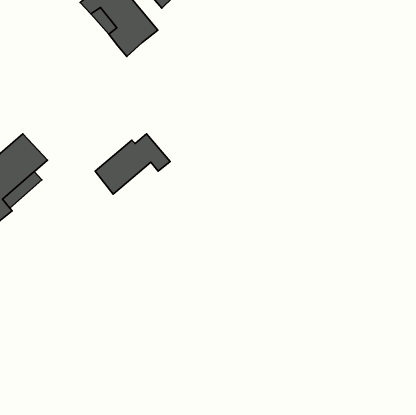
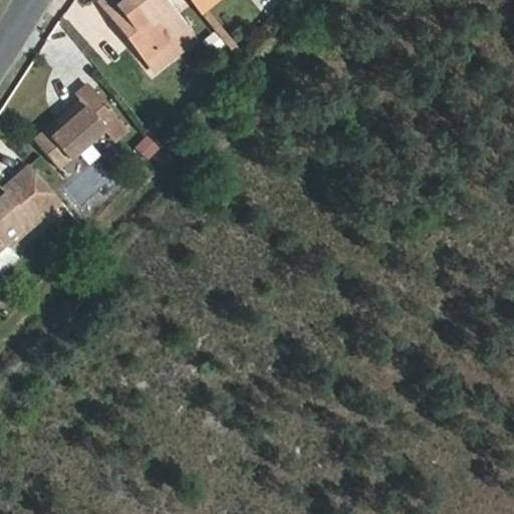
building: [95,134,170,194] -> [33,92,125,167]

